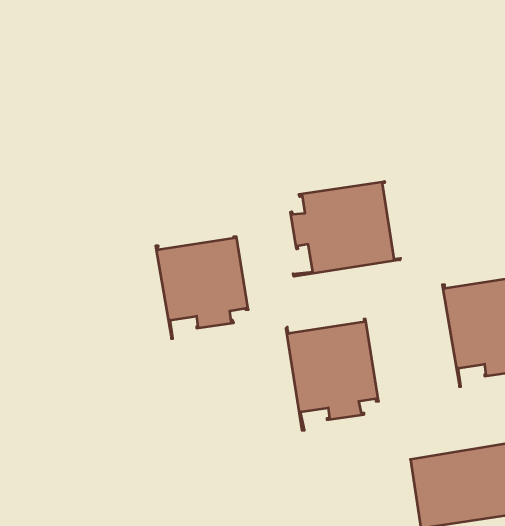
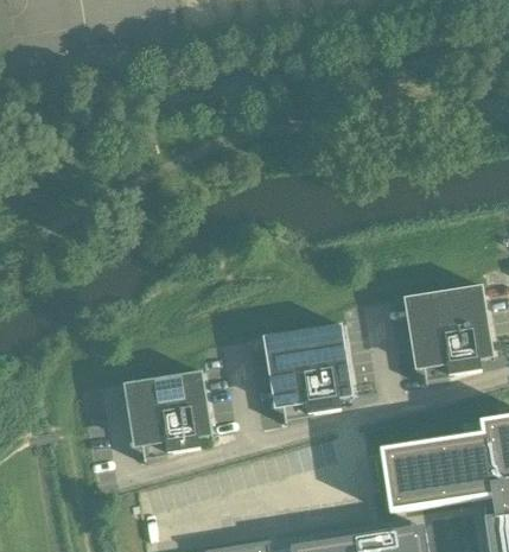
building: [290,181,401,276] -> none
building: [156,237,248,339] -> [128,372,211,463]

